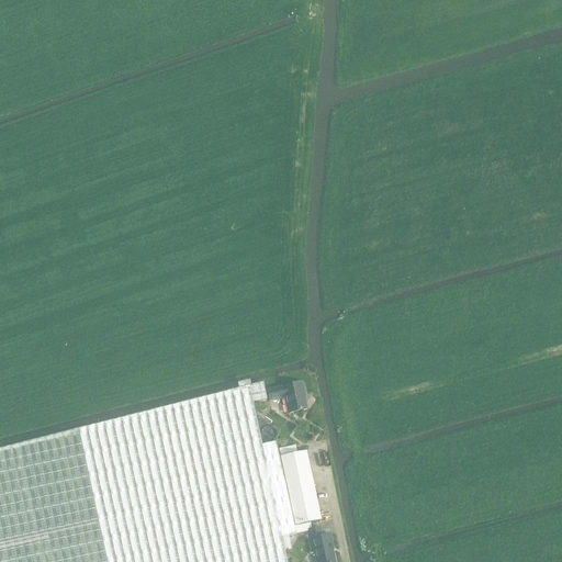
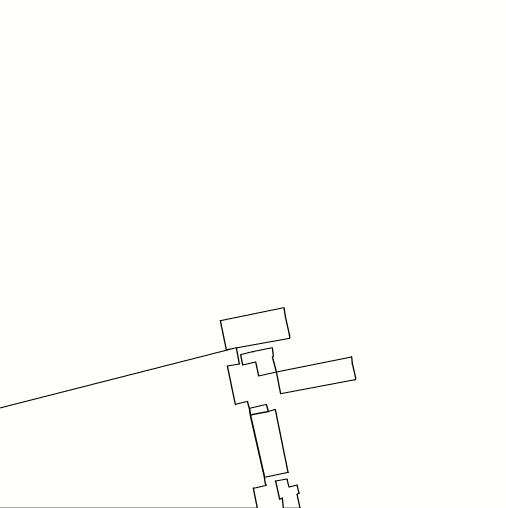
building: none -> [220,308,289,350]
building: none -> [276,357,355,394]

